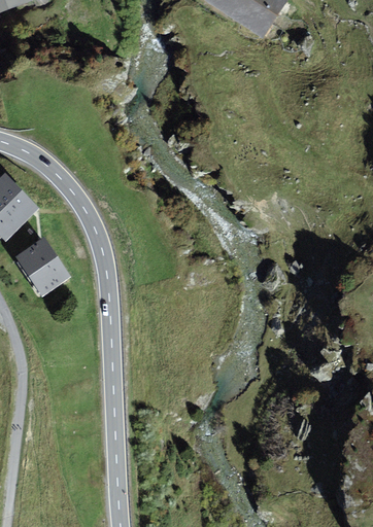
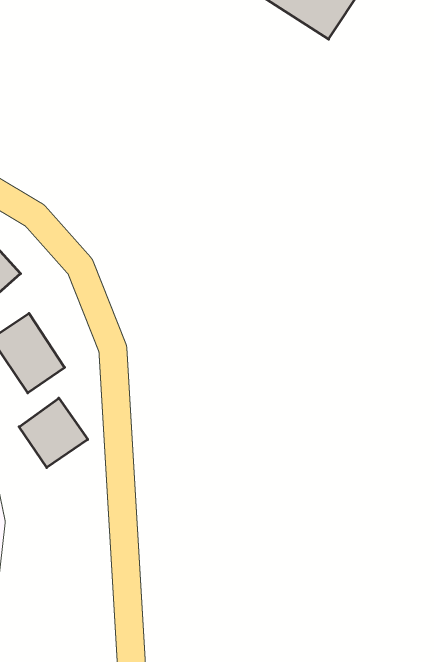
building: none -> [19,398,88,468]

